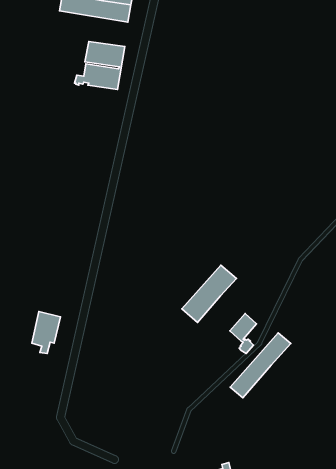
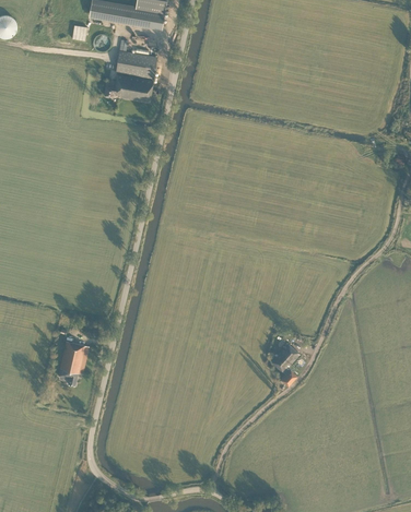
building: [182,265,236,323] -> none
building: [230,333,291,398] -> none

